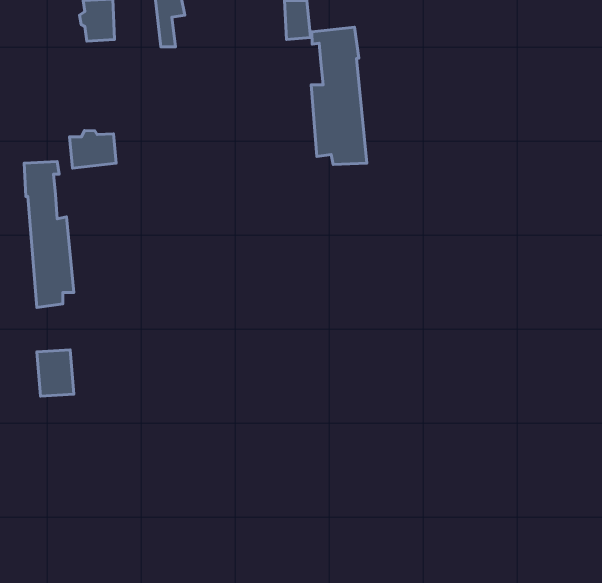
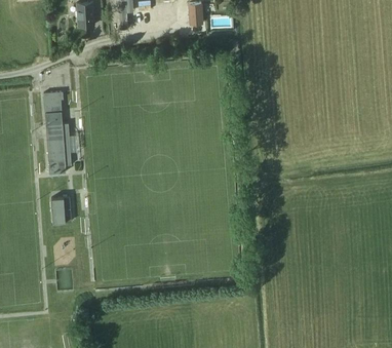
building: [311,27,367,165] -> none
building: [69,131,116,168] -> none

